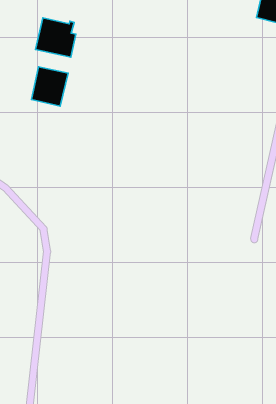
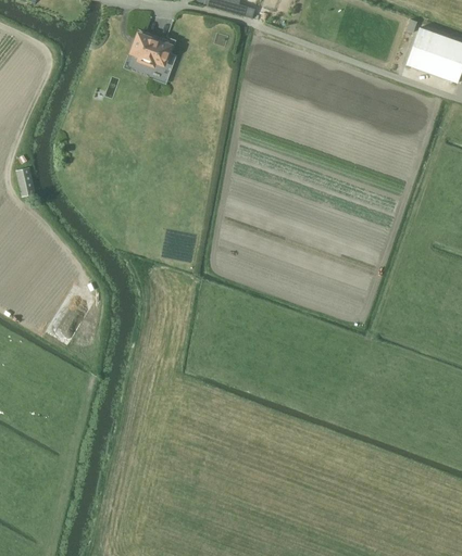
building: [32,67,68,106] -> none

